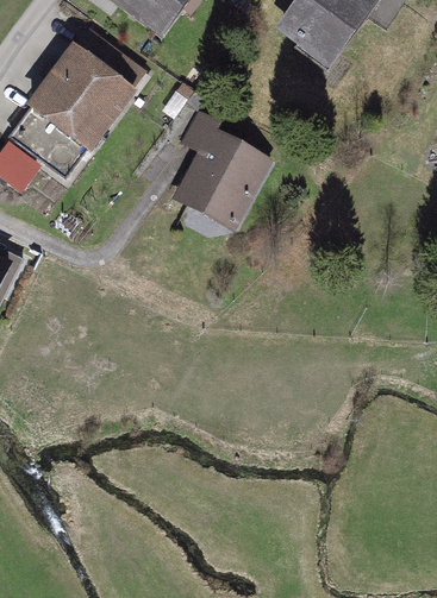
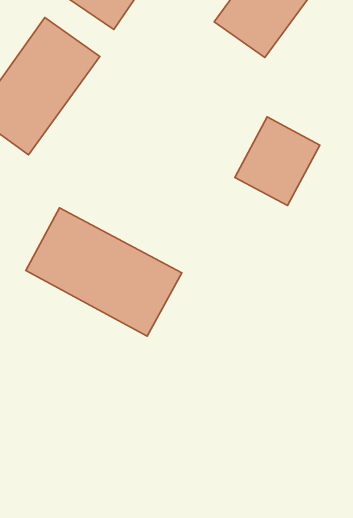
building: [171,130,266,227] -> [235,117,320,205]
building: none -> [26,208,182,336]

